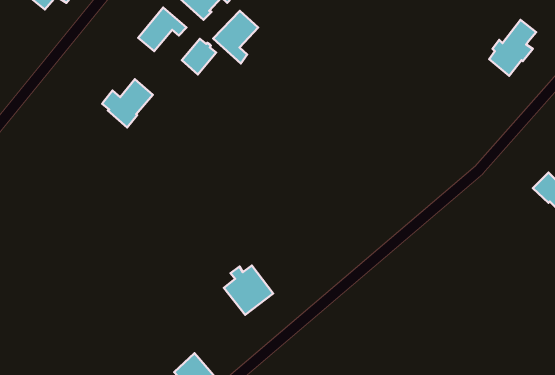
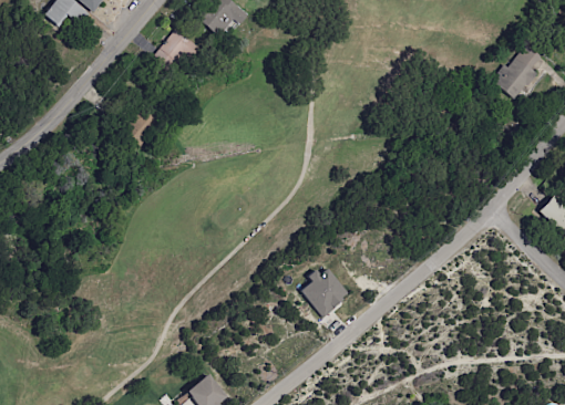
building: [213,11,258,63] -> none
building: [182,39,216,75] -> none
building: [224,265,273,315] -> [301,267,350,315]

